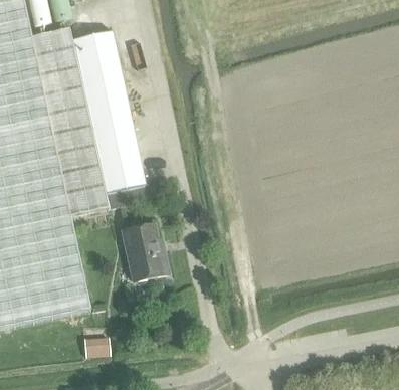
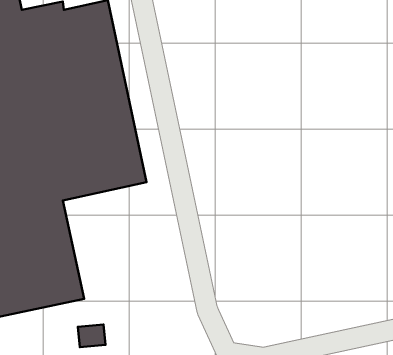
building: [123,222,168,280] -> none

